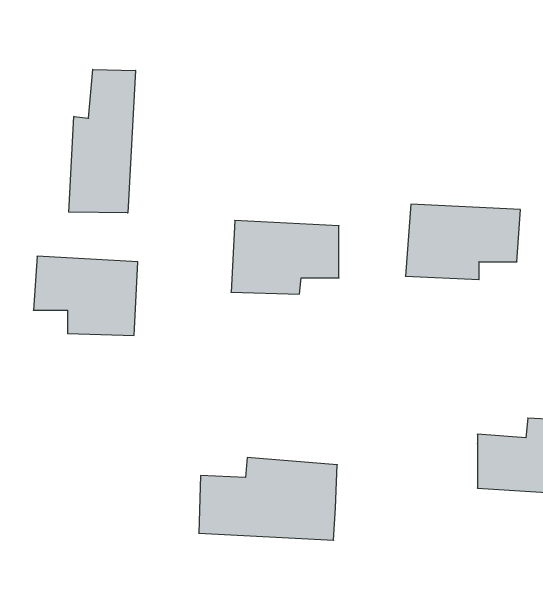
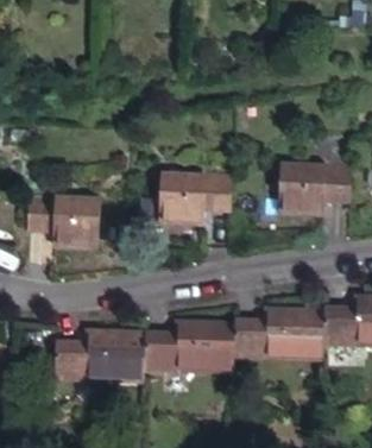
building: [69,69,135,213] -> none
building: none -> [229,309,323,360]
building: none -> [50,330,140,384]

